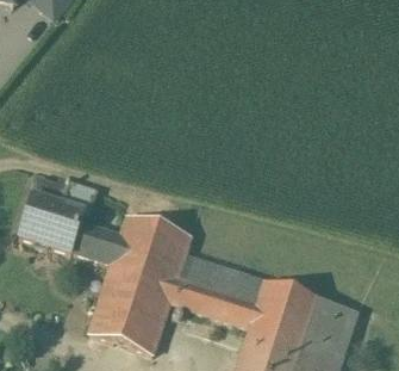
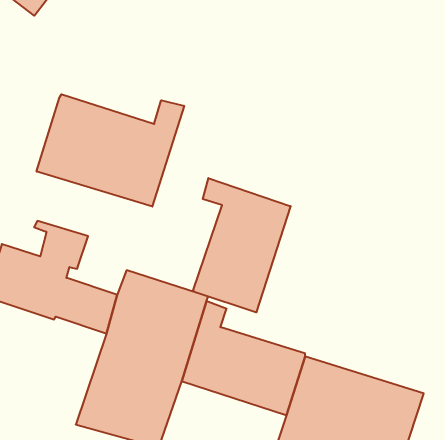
building: none -> [37,94,184,207]
building: none -> [193,178,291,312]

